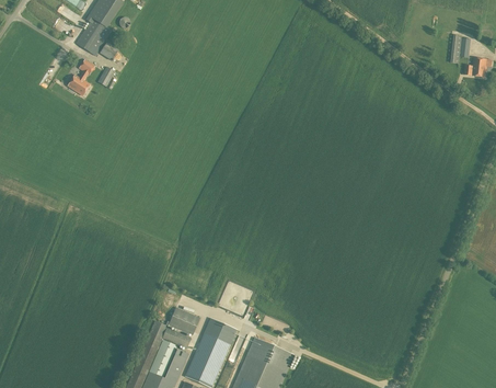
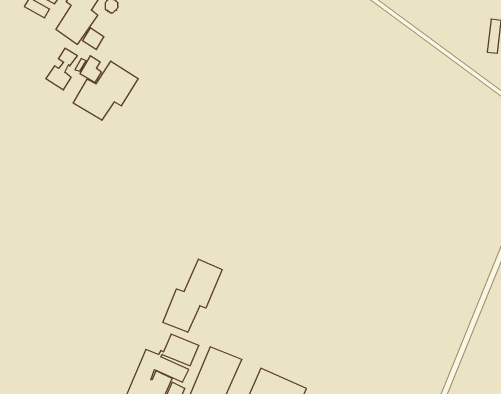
building: none -> [73,61,138,120]
building: none -> [163,259,222,332]

